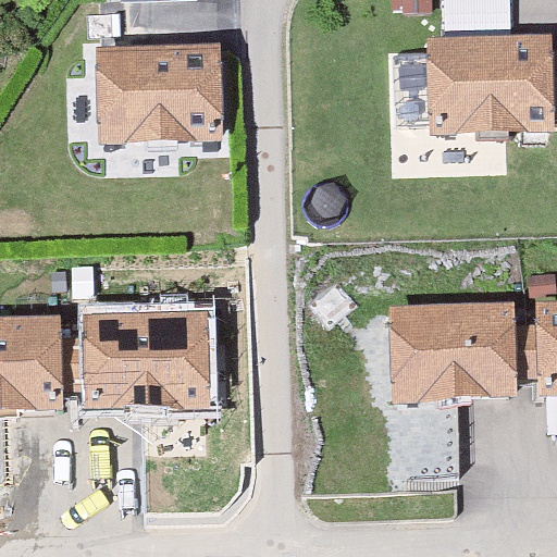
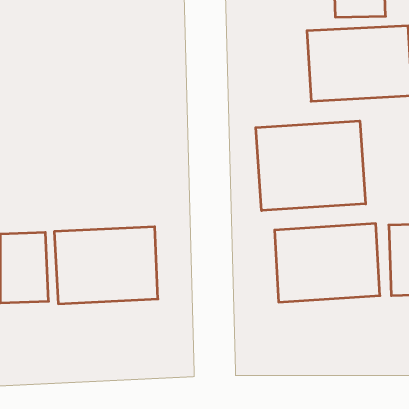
building: [95,44,223,141] -> none
building: none -> [256,121,366,211]

